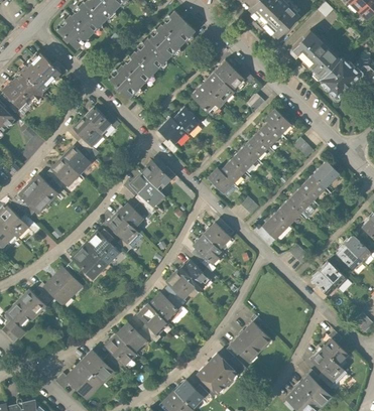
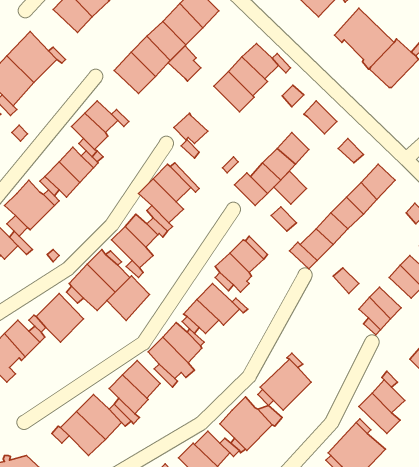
building: [171,105,199,134] -> [168,46,201,81]
building: [255,120,282,147] -> [274,171,307,204]
building: none -> [107,276,150,321]

